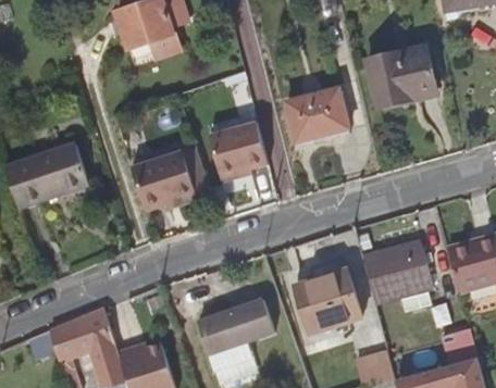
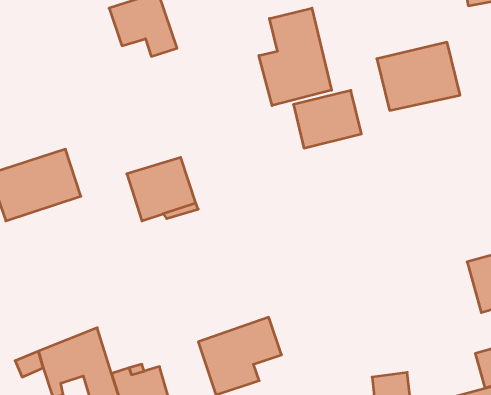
building: none -> [259,8,332,106]
building: [209,121,268,176] -> none
building: [361,241,432,312] -> none
building: [293,267,363,336] -> none

